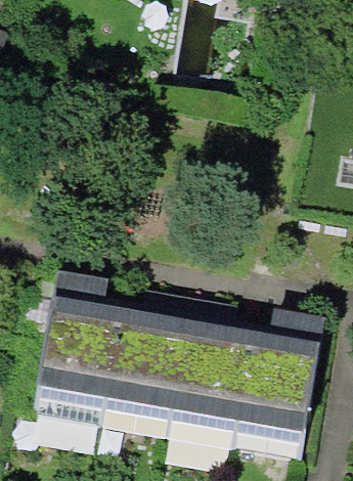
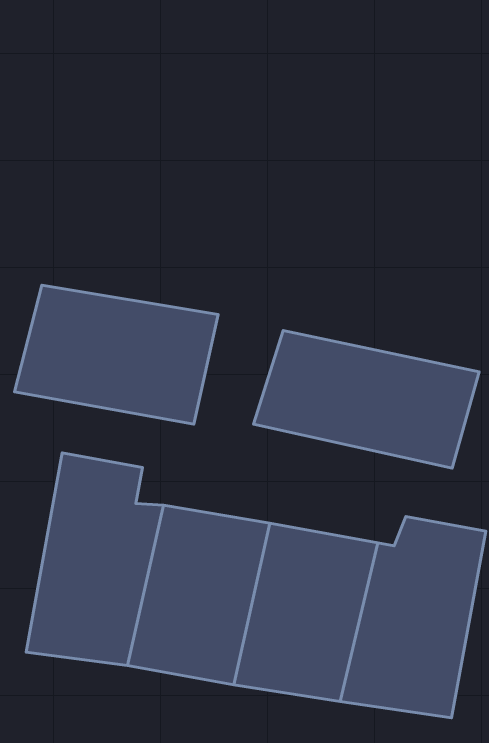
building: none -> [14,285,218,424]
building: none -> [254,330,479,468]

